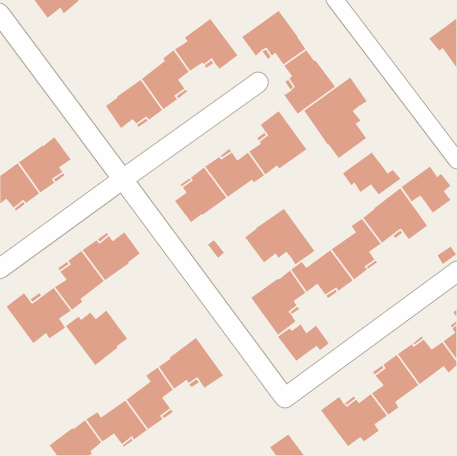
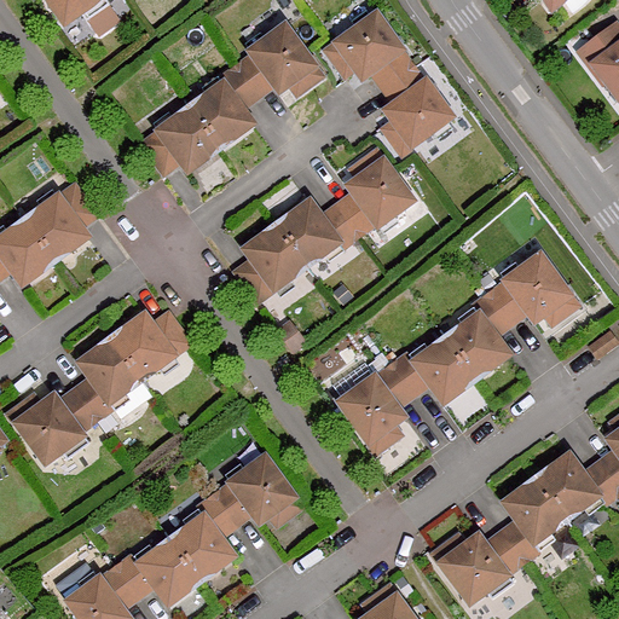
building: [303,77,368,159] -> none
building: [342,152,401,196] -> none
building: [401,166,452,214] -> none
building: [244,208,316,266] -> none
building: [65,309,128,366] -> none
building: [277,323,330,362] -> none

